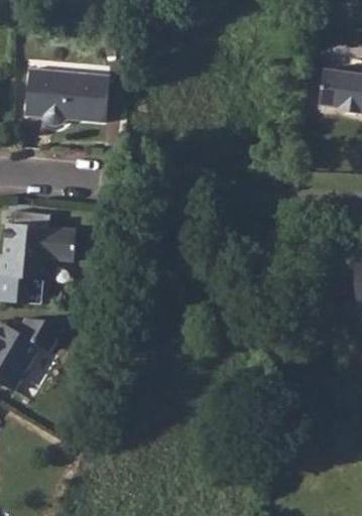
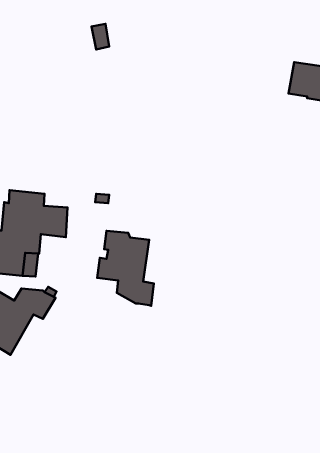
building: [25,69,110,125] -> none
building: none -> [97,231,154,306]

